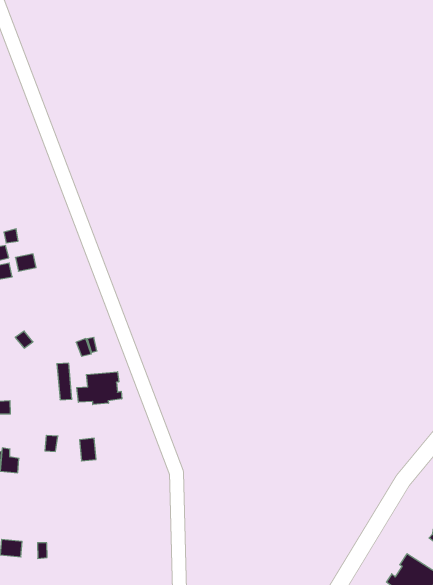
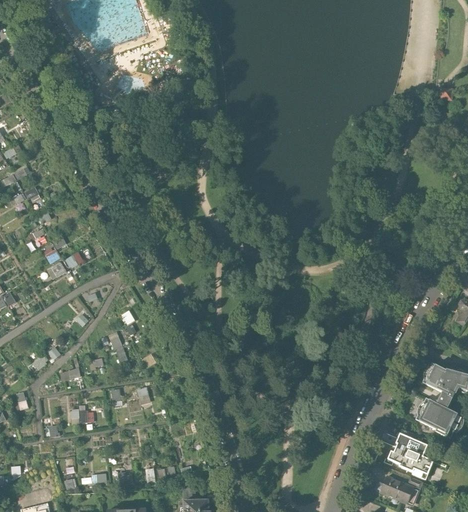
building: [77,372,122,405] -> none

